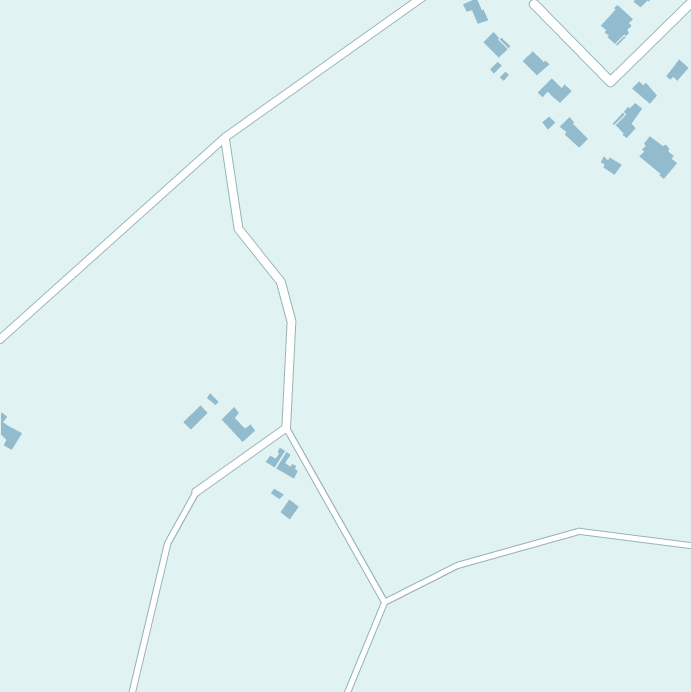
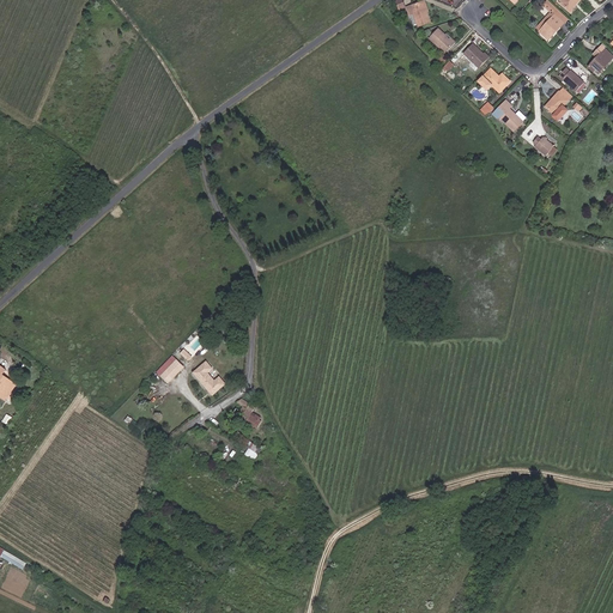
building: [638,135,678,180] -> none

